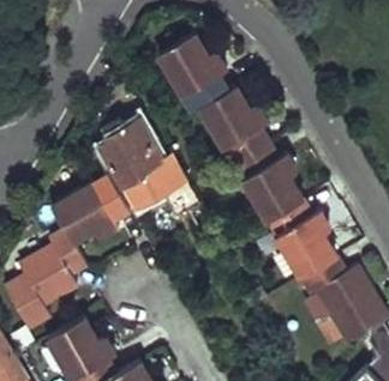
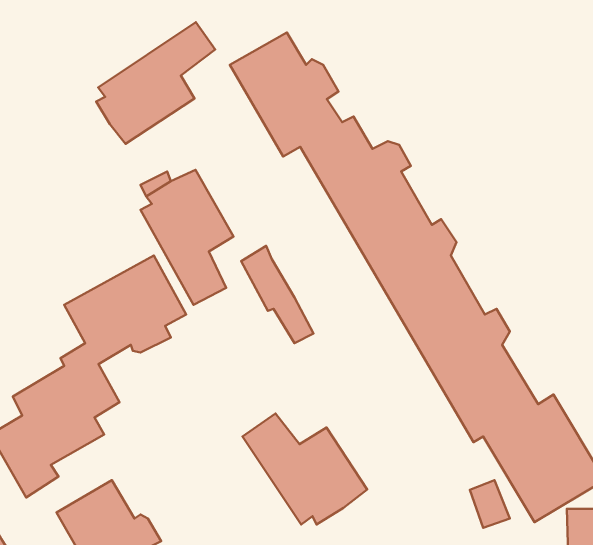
building: none -> [96,22,215,144]
building: none -> [243,413,367,524]

